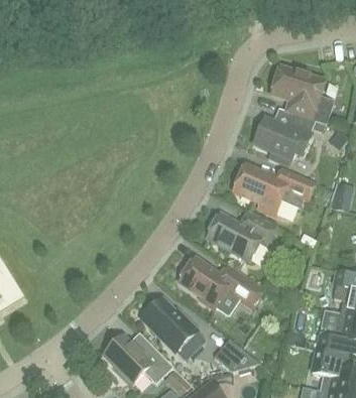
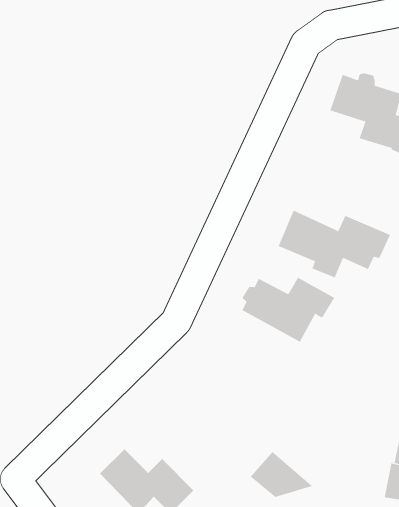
building: [254,112,316,162] -> none
building: [180,257,263,307] -> none
building: [142,297,198,352] -> none

